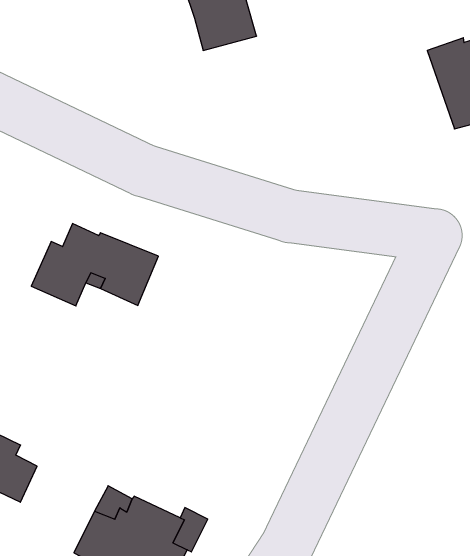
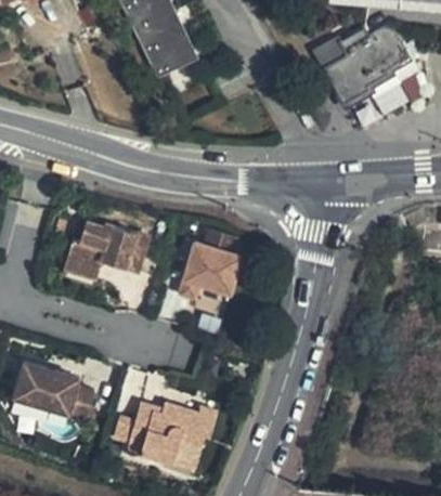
building: none -> [179,232,241,302]

